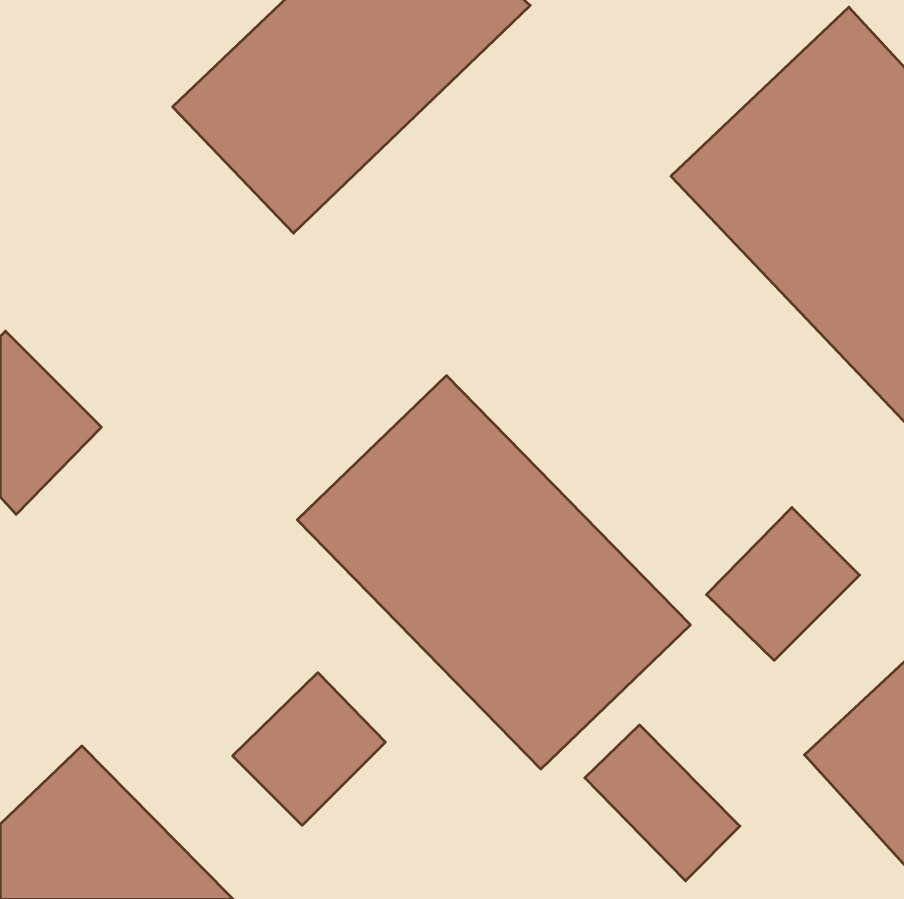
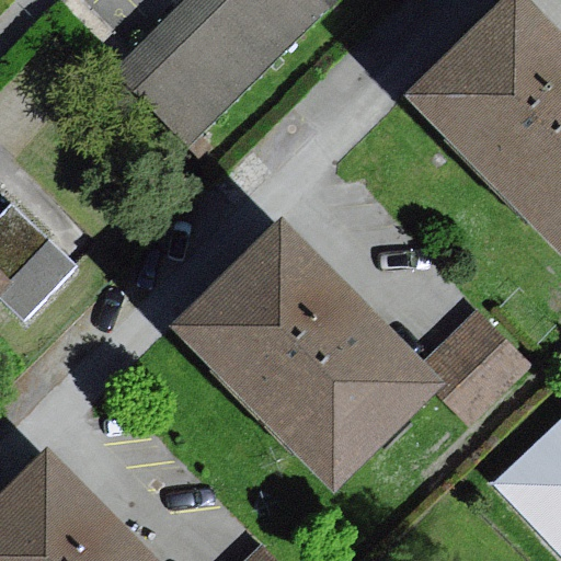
building: [233,673,385,825] -> none
building: [585,725,740,881] -> none

